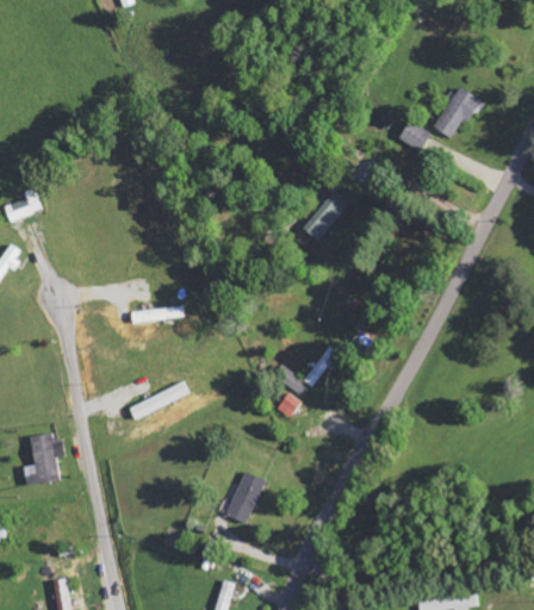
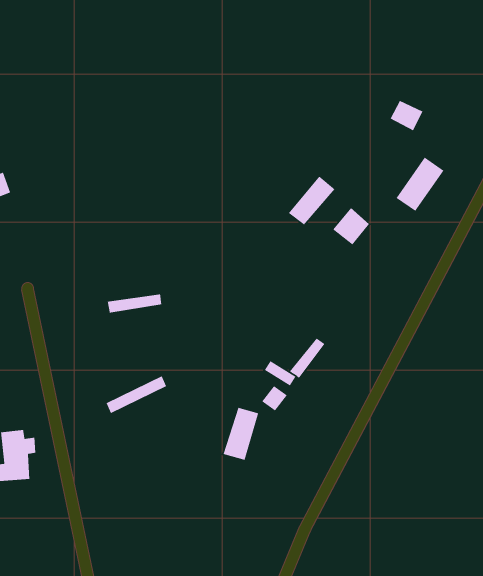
building: [434,87,480,139] -> [396,157,445,212]
building: none -> [332,207,370,245]
building: [230,471,265,522] -> [223,407,259,461]

